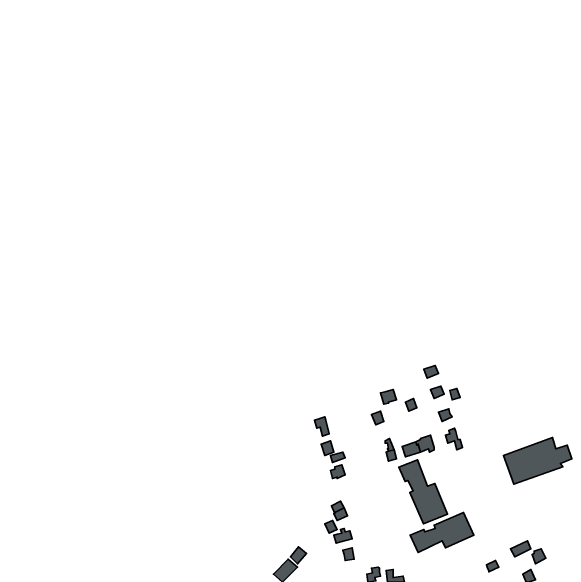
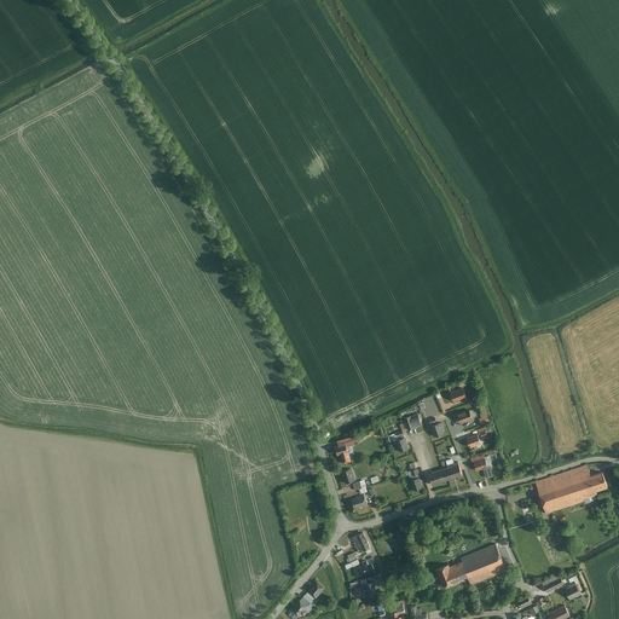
building: [399,460,448,524] -> none

